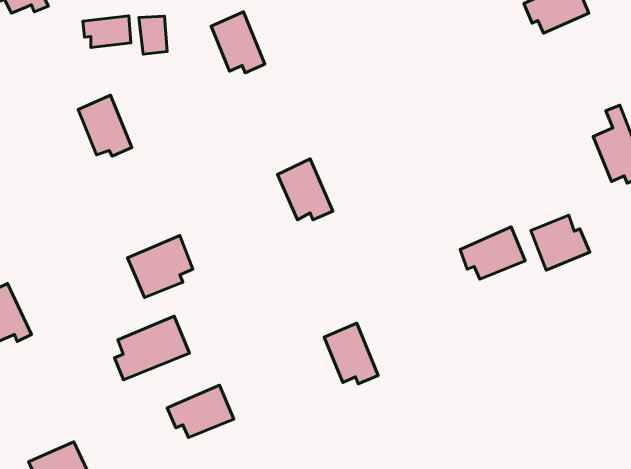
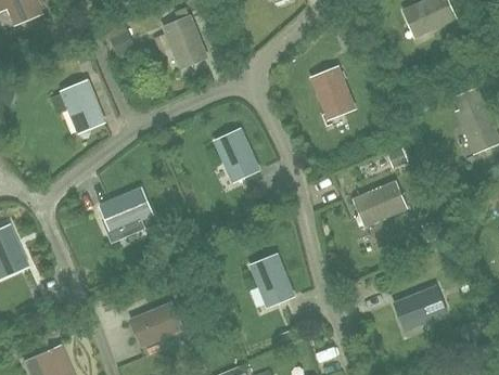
building: [83,16,131,47] -> none
building: none -> [312,68,354,115]
building: [531,215,590,270] -> none
building: [115,316,189,380] -> none
building: none -> [396,287,446,327]

